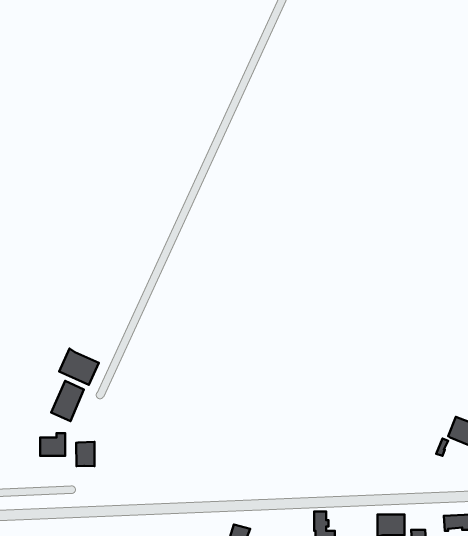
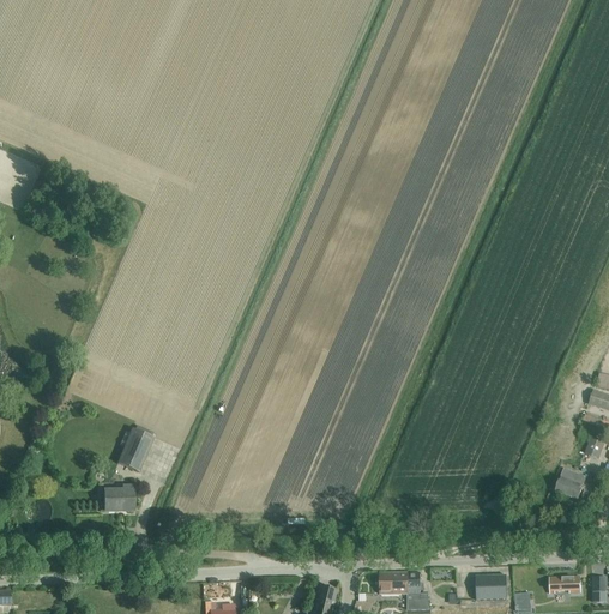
building: [59,348,99,385] -> none
building: [76,442,95,466] -> none
building: none -> [380,572,408,594]

